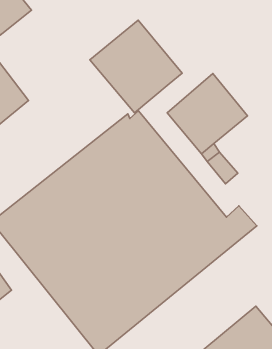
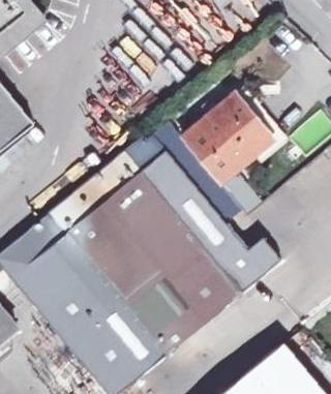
building: [90,20,182,113] -> none

